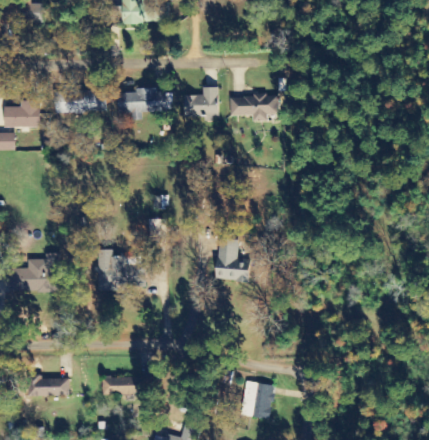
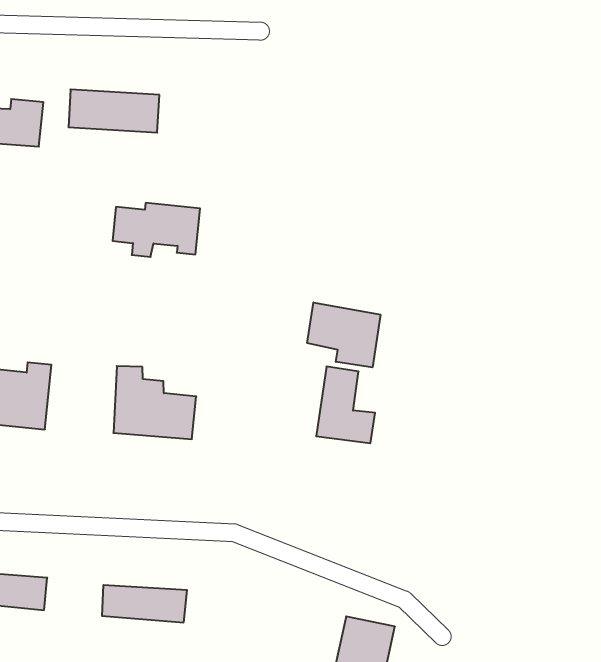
building: [184,85,219,115] -> none
building: [118,88,167,119] -> [113,203,200,257]
building: [230,95,278,120] -> none
building: none -> [307,302,380,367]

